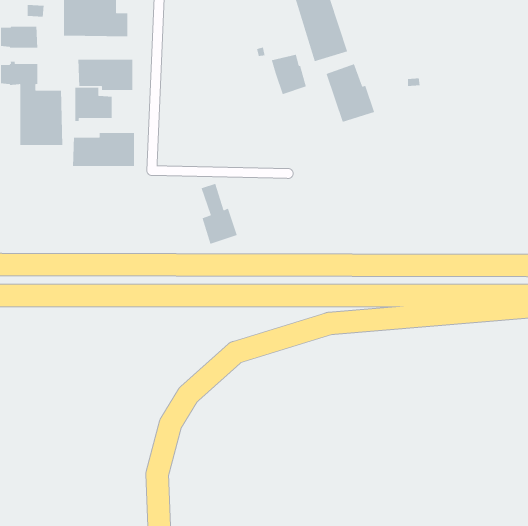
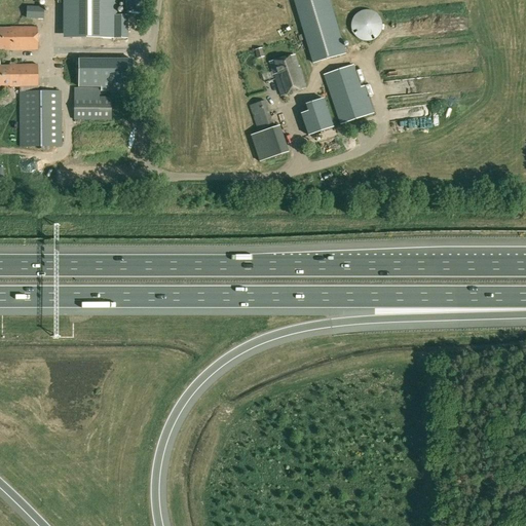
building: none -> [351,8,382,39]
building: none -> [305,97,333,132]
building: [72,132,135,167] -> none
building: [200,183,238,245] -> [250,99,287,160]

